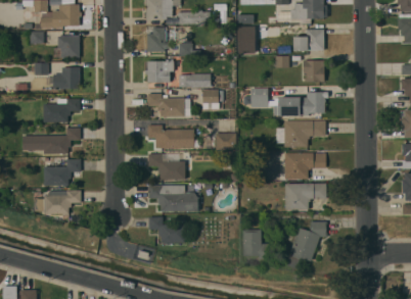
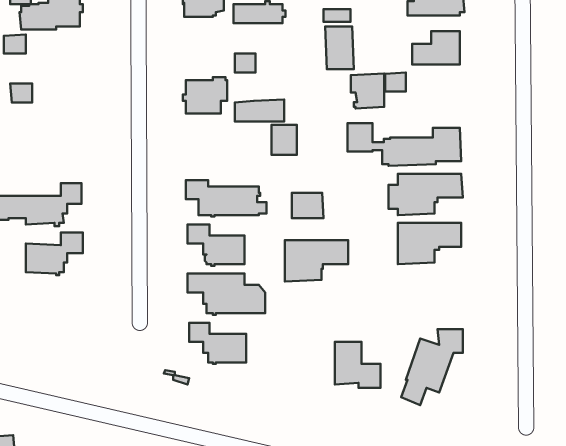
building: [146,28,170,52] -> none
building: [54,36,80,58] -> none
building: [303,60,324,83] -> [351,74,384,108]
building: [53,67,80,90] -> none
building: [147,94,190,118] -> none
building: [43,99,80,123] -> none
building: [285,184,326,210] -> [285,240,348,281]
building: [34,190,81,215] -> none

